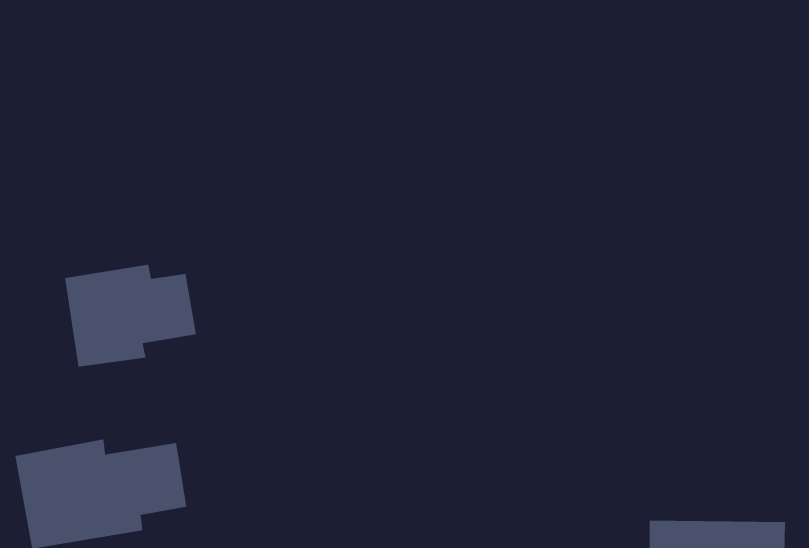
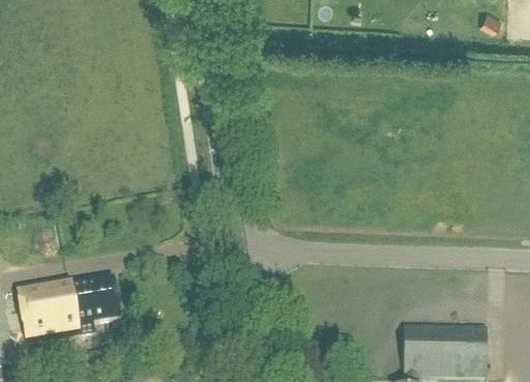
building: [64,264,197,368] -> none

